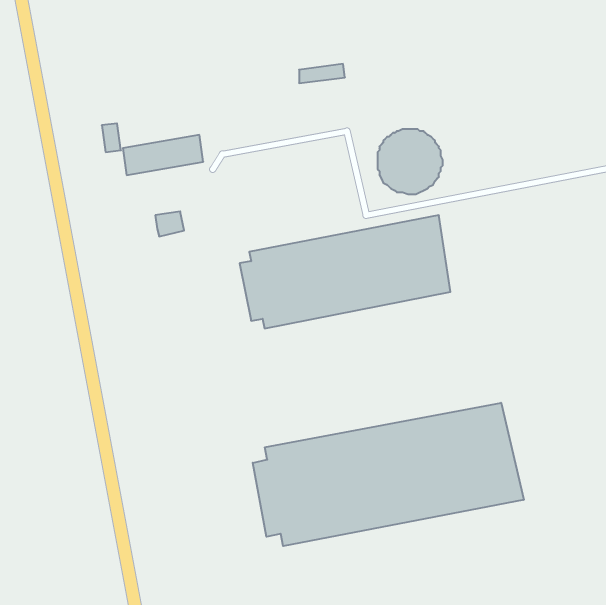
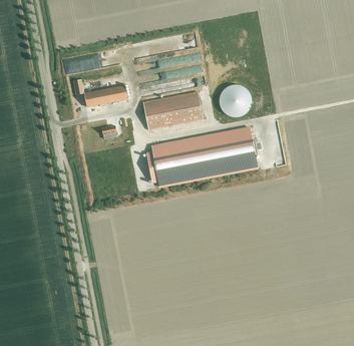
building: none -> [143,91,204,129]
building: [253,403,524,546] -> none

